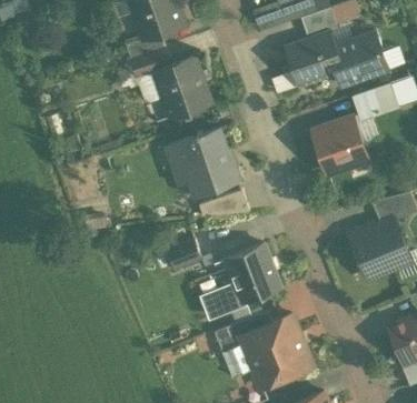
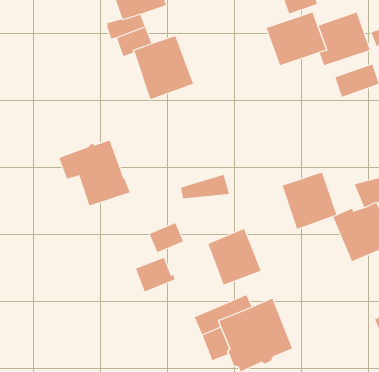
building: [314,118,368,174] -> [282,172,337,229]
building: [169,129,240,194] -> [59,140,131,206]
building: [207,284,247,319] -> [135,257,176,292]

